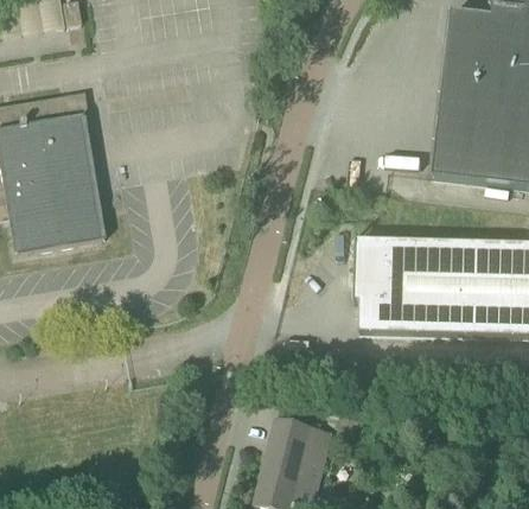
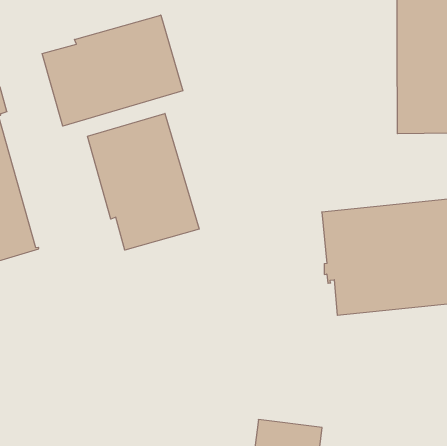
building: none -> [42,15,183,126]
building: none -> [87,113,199,250]

